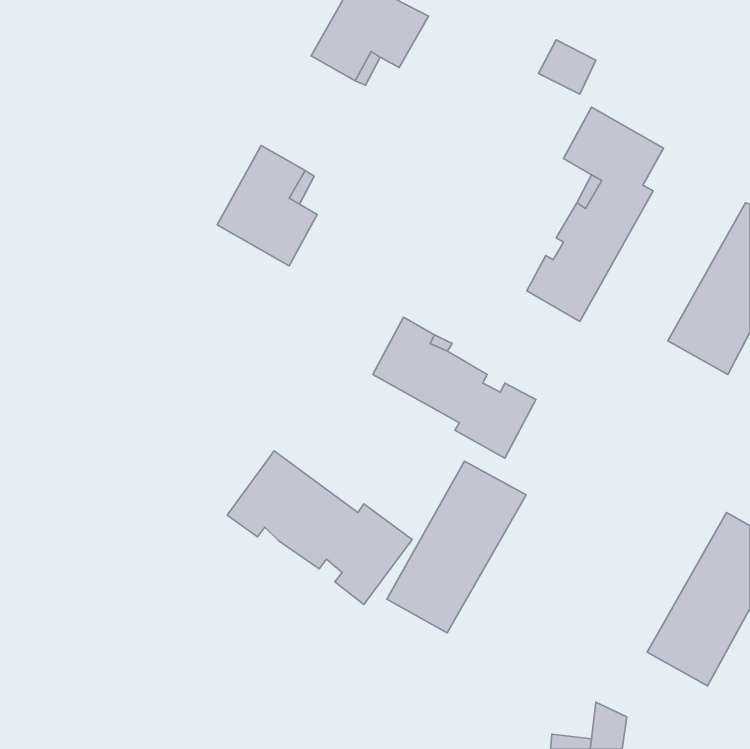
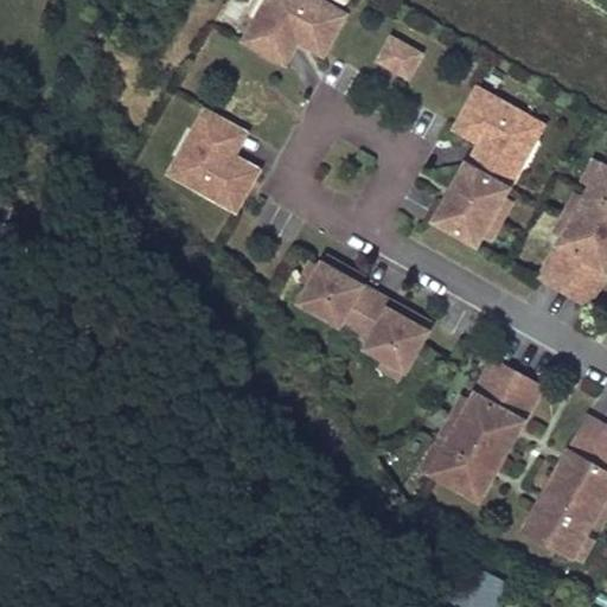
building: [539,40,596,94] -> [376,31,422,75]
building: [227,451,412,605] -> none
building: [387,461,526,633] -> [430,357,543,496]

